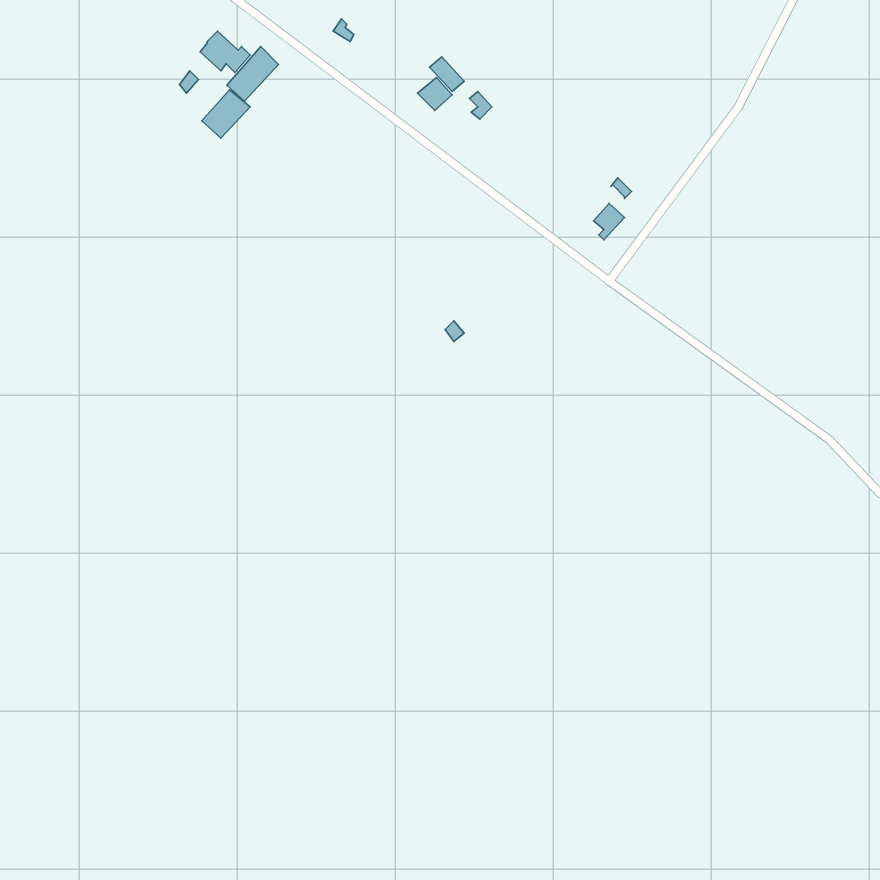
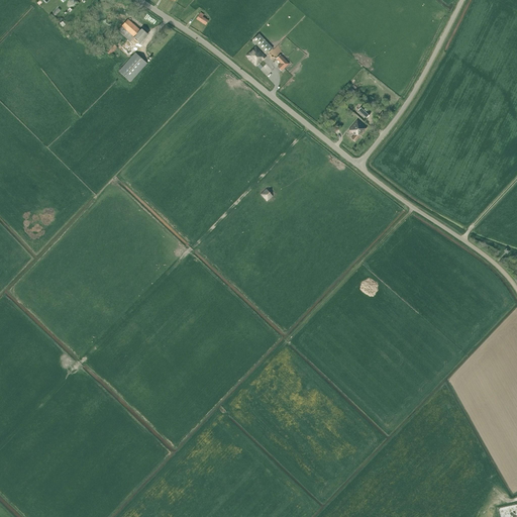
building: [227,46,279,101] -> none

